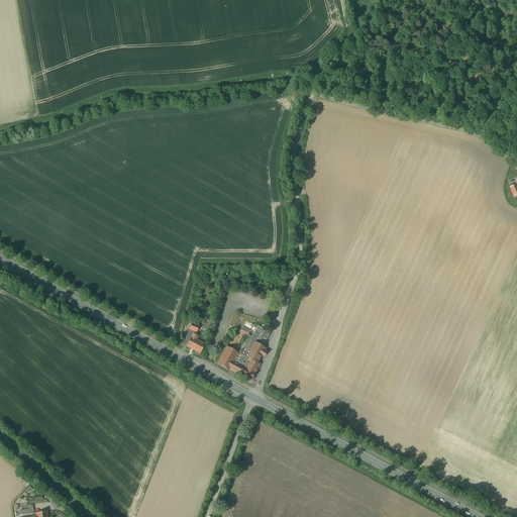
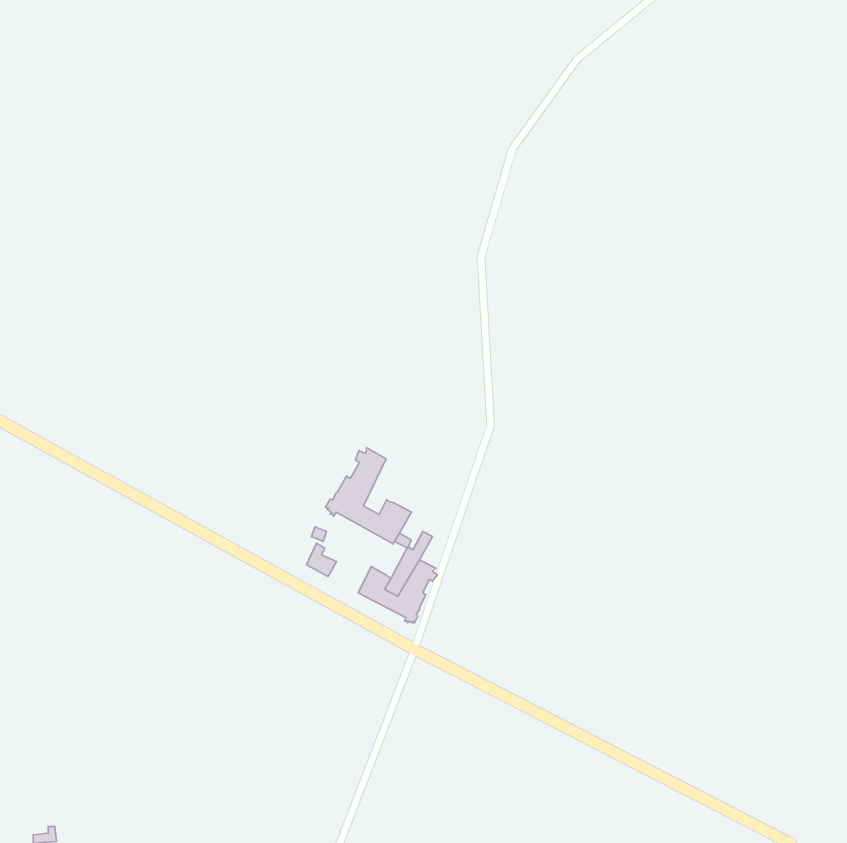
building: none -> [326,448,411,544]

